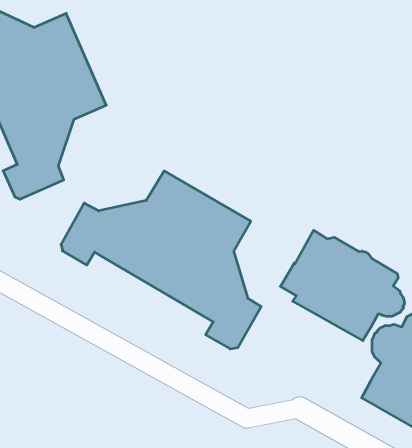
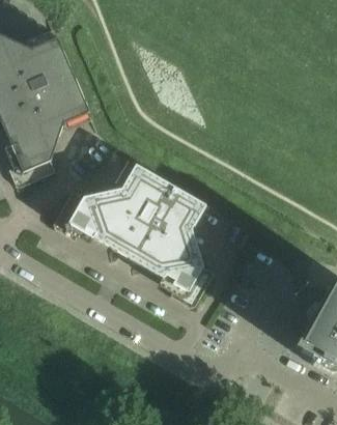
building: [280,230,404,341] -> none

